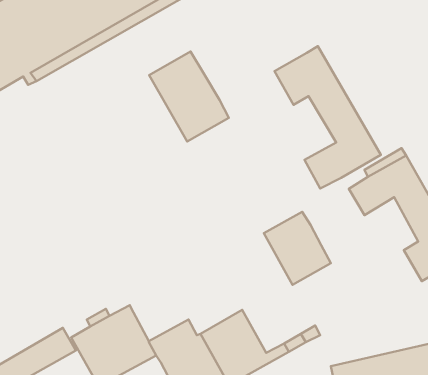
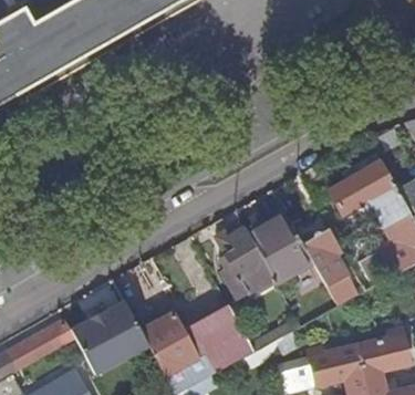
building: [274,46,381,189] -> none
building: [149,51,229,141] -> none
building: none -> [217,217,276,297]
building: none -> [301,226,359,306]

